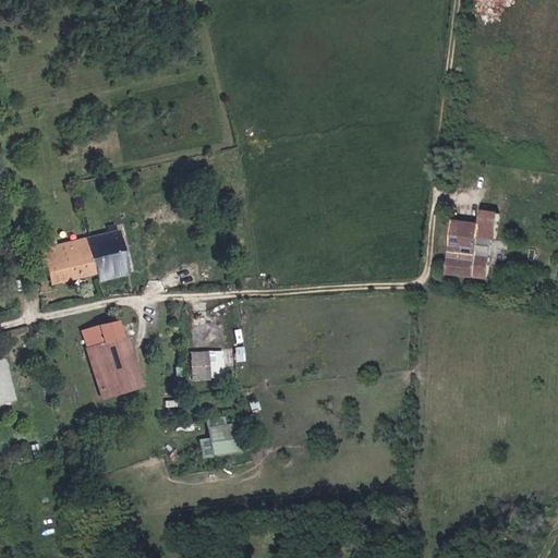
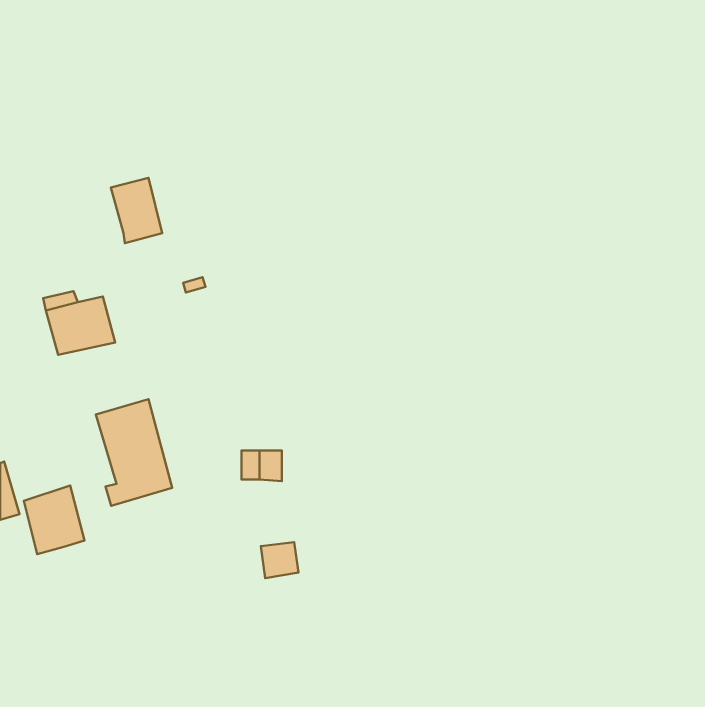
building: [446,216,497,284] -> none
building: [84,227,124,278] -> [111,178,162,243]
building: none -> [24,486,84,554]

